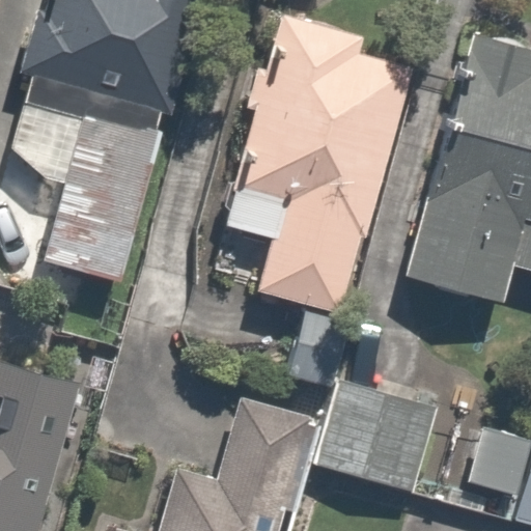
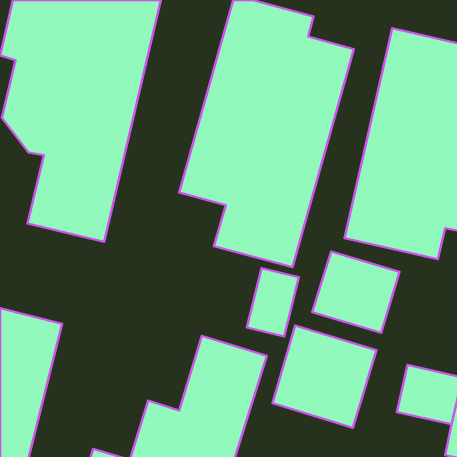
building: none -> [312,251,399,333]

